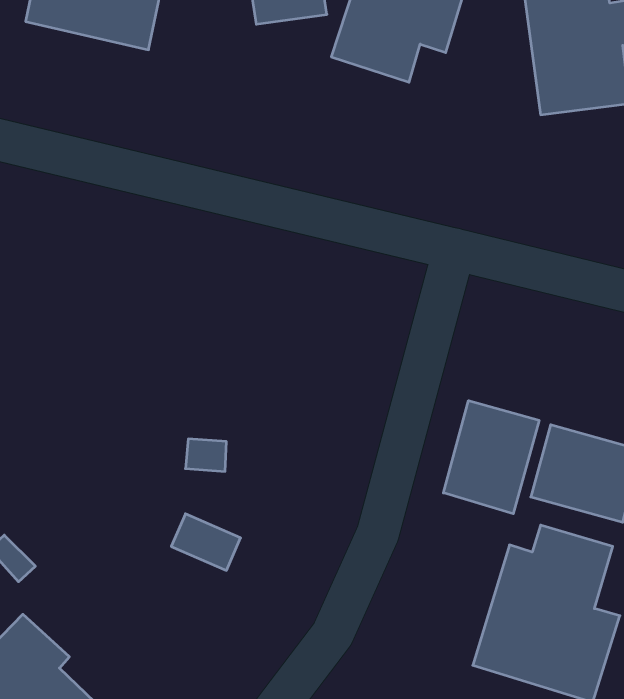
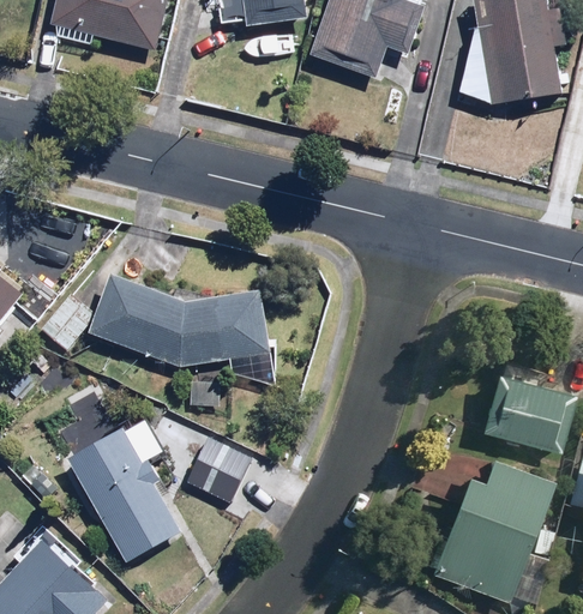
building: none -> [41,277,274,384]
building: [443,401,539,514] -> none
building: none -> [59,389,180,566]

